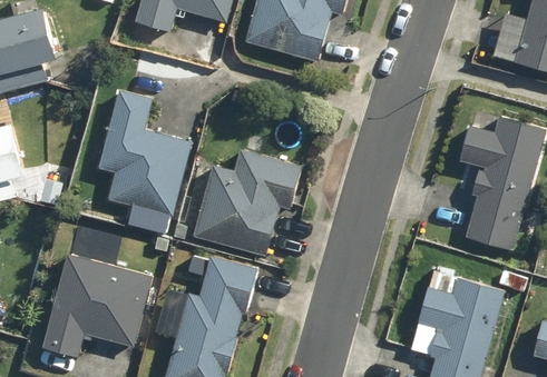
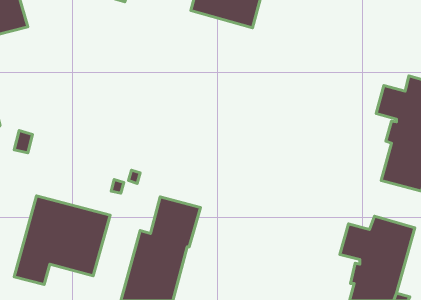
building: [98,90,191,216] -> none
building: [193,149,300,256] -> none

